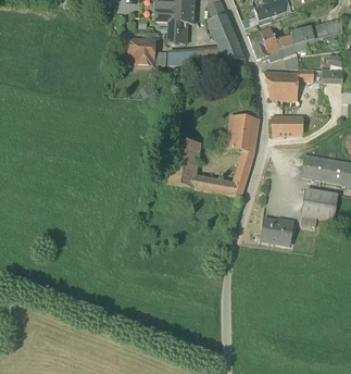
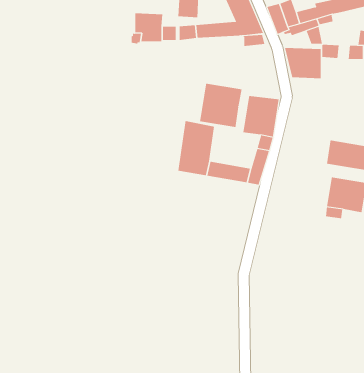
building: none -> [200,83,242,128]
building: [272,115,304,137] -> none
building: [260,219,294,245] -> none

